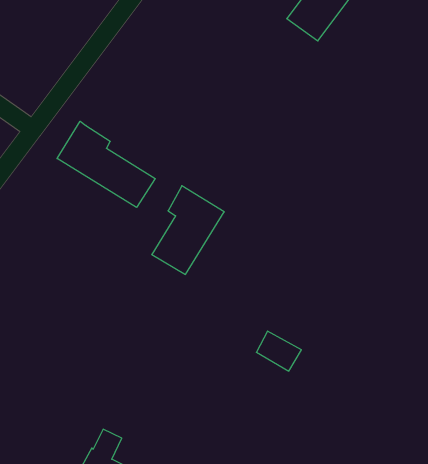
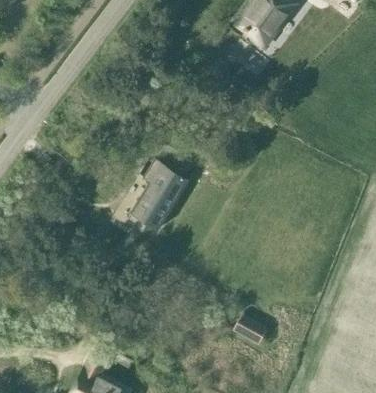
building: [57,121,155,207] -> none
building: [256,331,301,371] -> [231,314,267,346]

